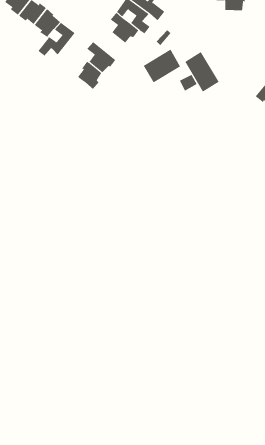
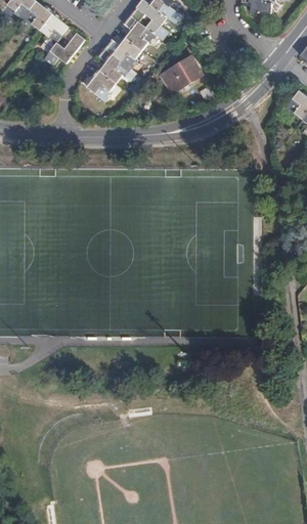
building: none -> [105,37,141,68]
building: [185,51,219,92] -> none

